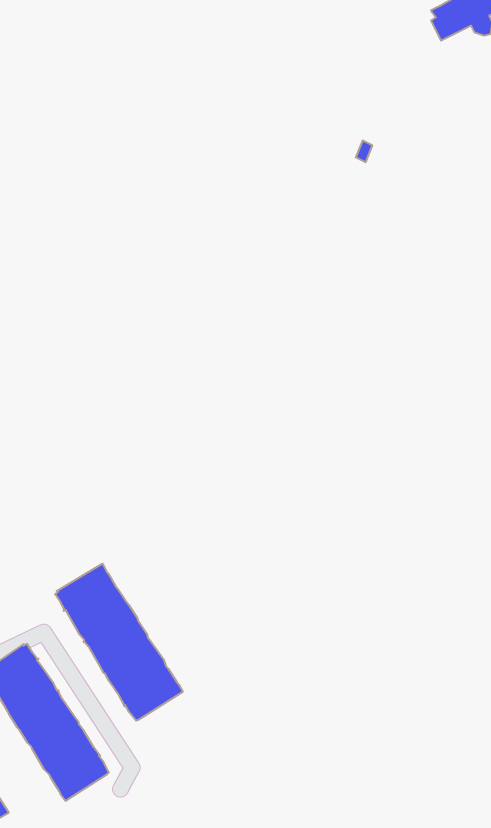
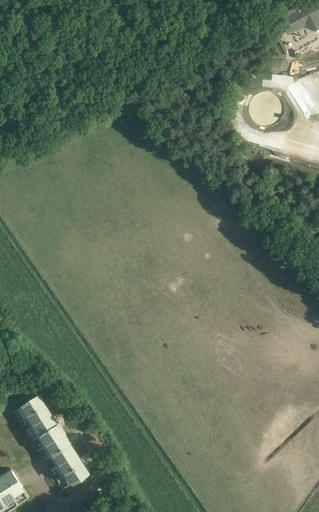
building: [55,564,183,721] -> none

